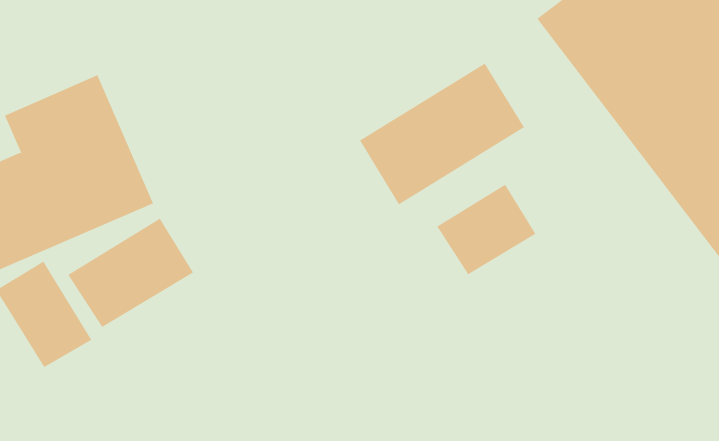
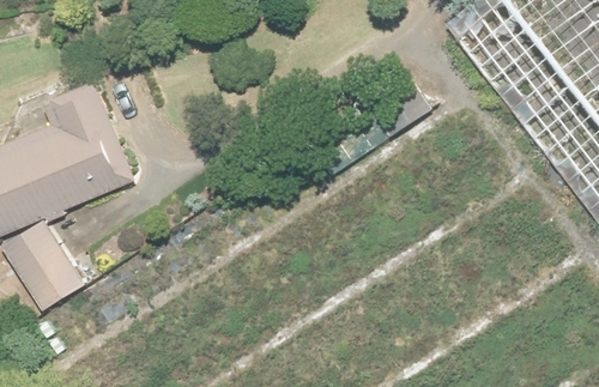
building: [436,184,536,275] -> none
building: [67,218,194,328] -> none

